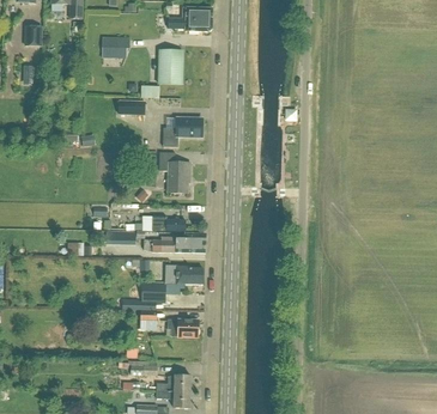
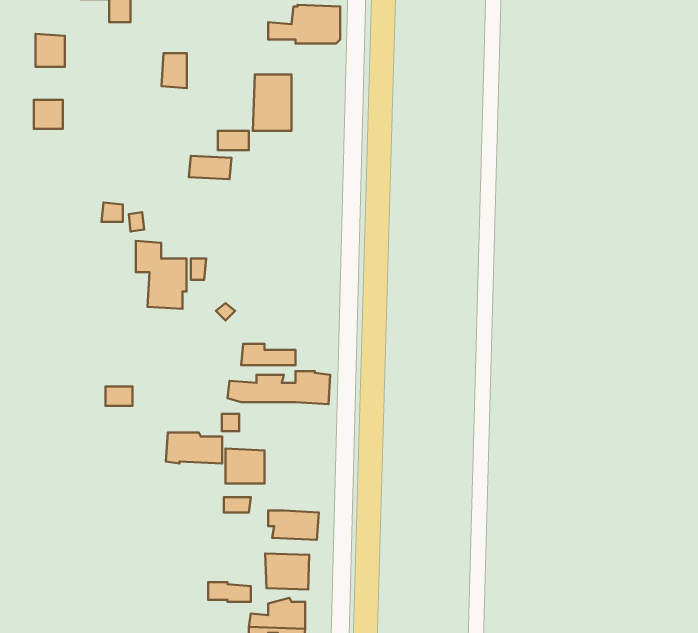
building: [162,116,202,146] -> none
building: [159,151,190,193] -> [136,241,186,309]
building: [168,264,202,284] -> [166,433,222,464]
building: none -> [265,553,309,589]

